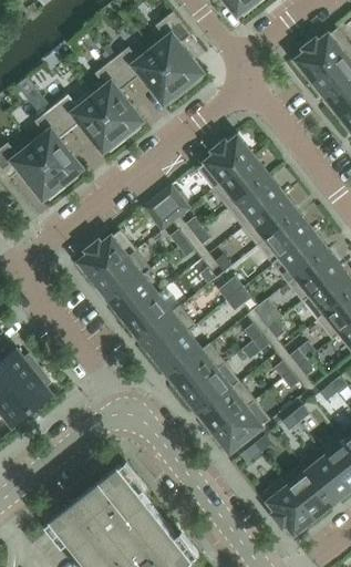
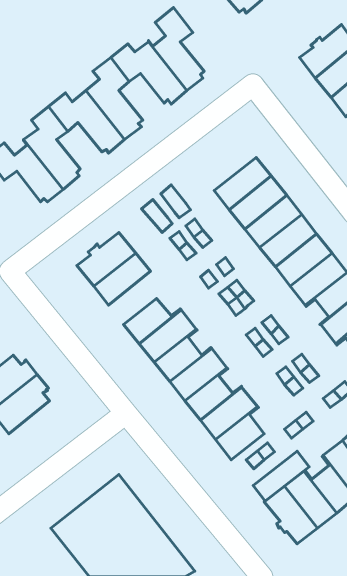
building: [197,137,254,189] -> none
building: [110,268,156,320] -> none
building: none -> [253,451,309,501]

